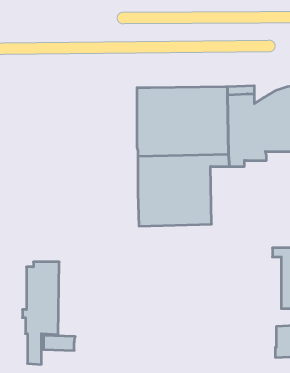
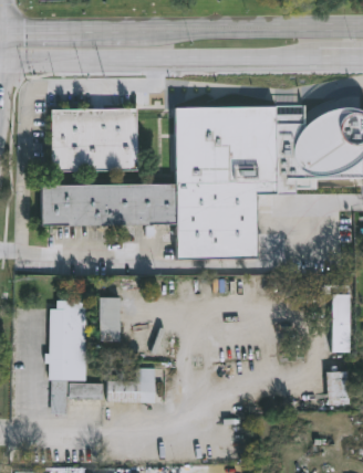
building: none -> [49,108,137,171]
building: none -> [39,183,174,225]
building: none -> [98,297,121,341]
building: none -> [107,368,155,403]

